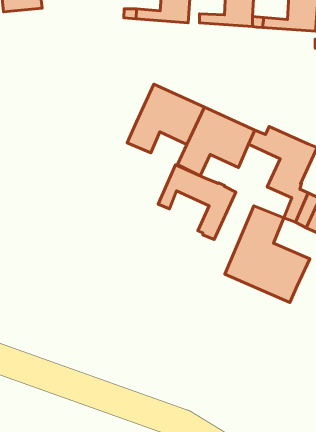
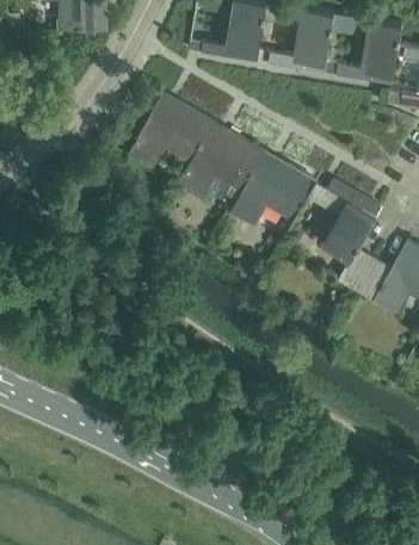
building: none -> [128,93,214,166]
building: [158,165,236,239] -> none
building: [225,206,310,302] -> none

